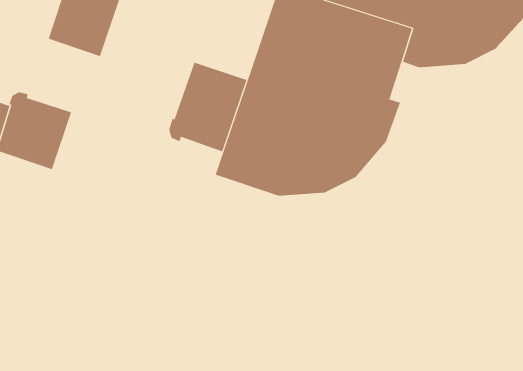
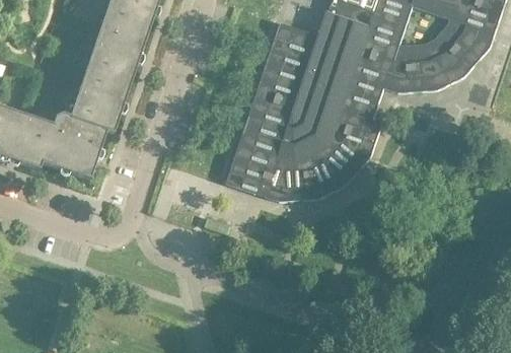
building: none -> [68,66,130,131]
building: [169,62,247,152] -> none

